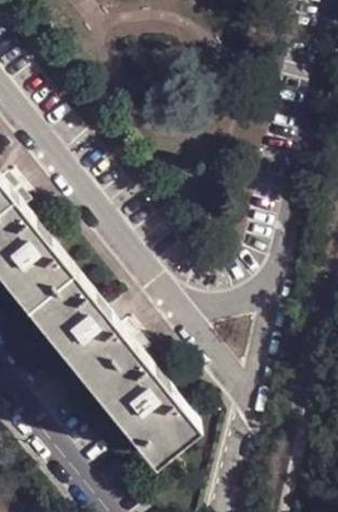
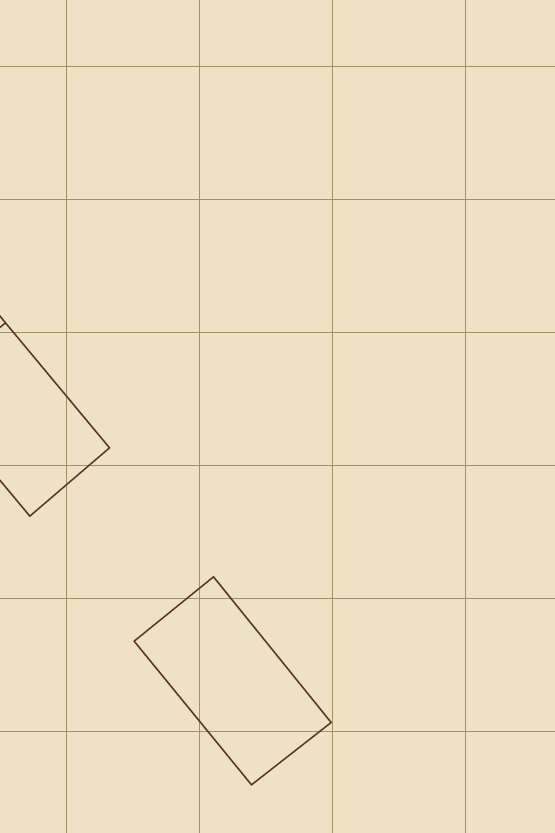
building: [27,273,133,384] -> none

